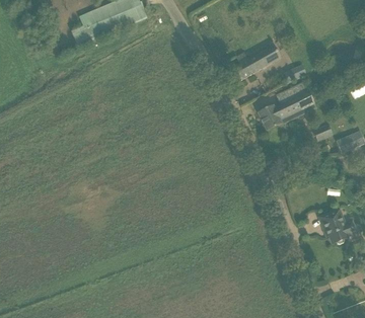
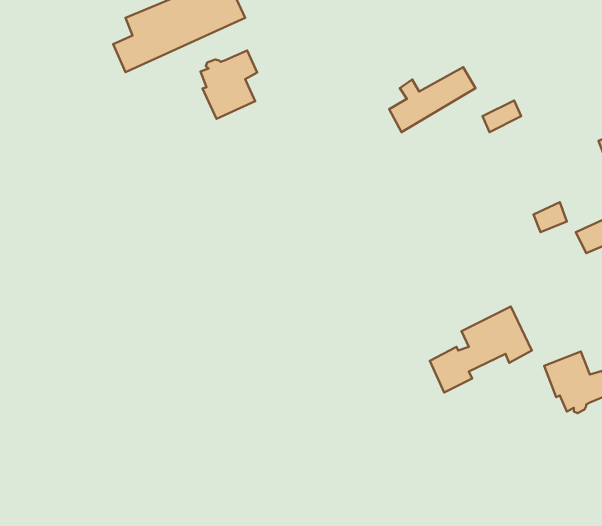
building: none -> [200,51,257,119]
building: [258,81,316,131] -> [430,306,532,393]

